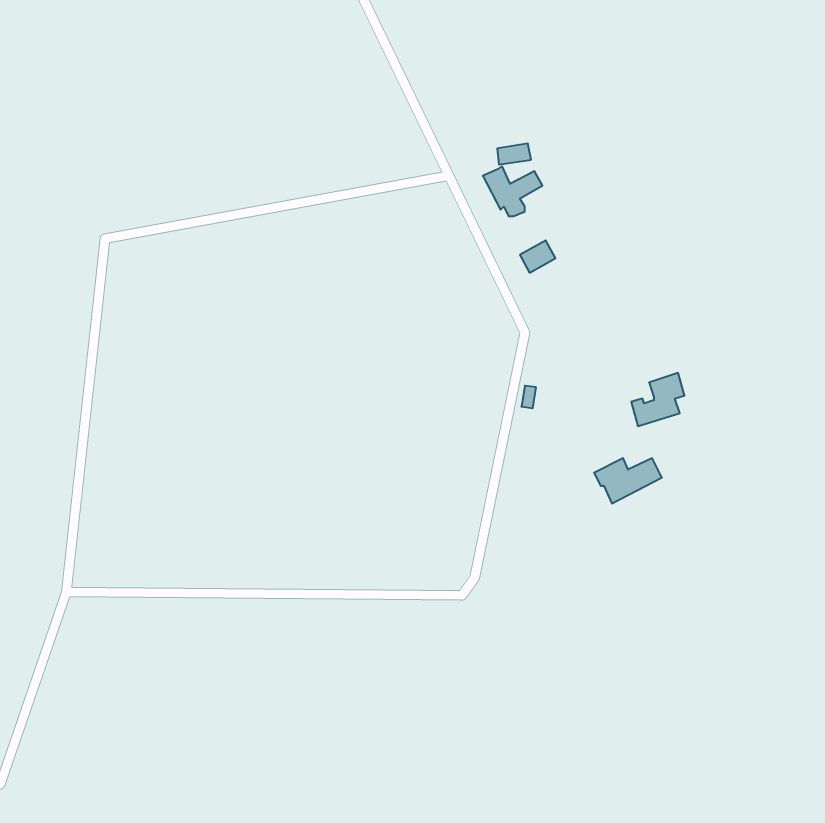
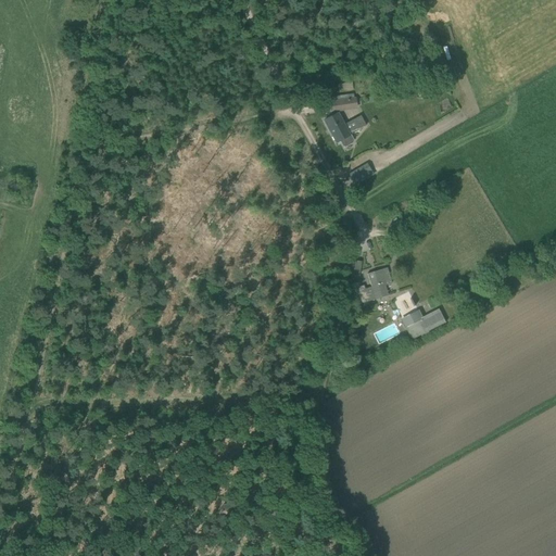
building: [631,373,685,426] -> [355,267,391,303]

